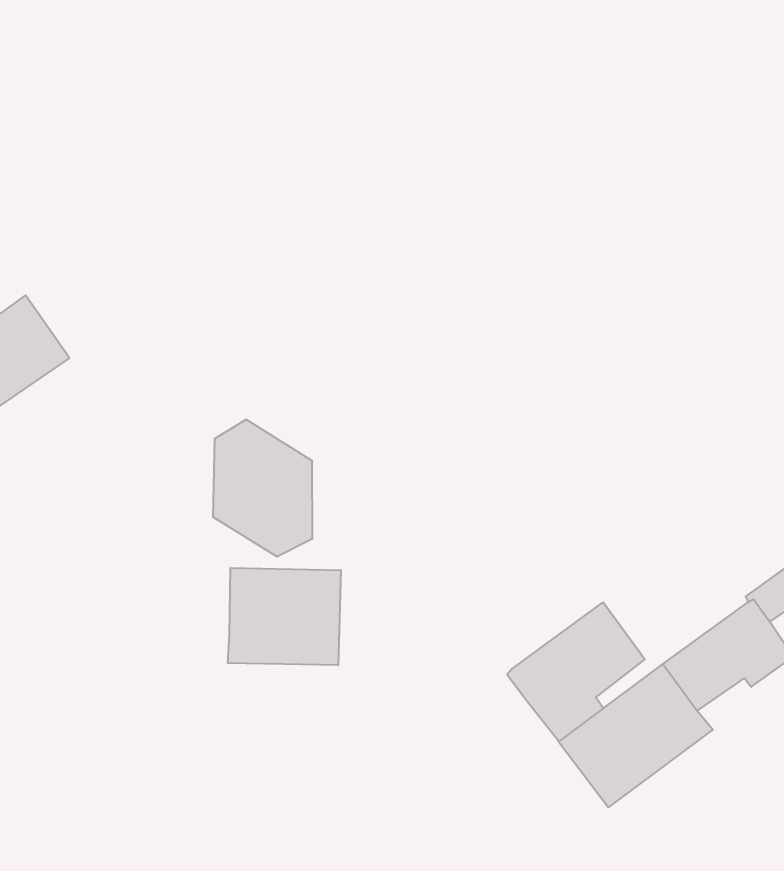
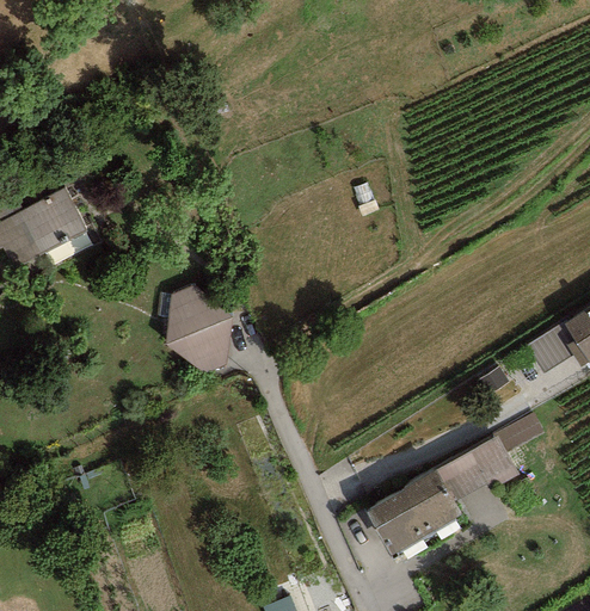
building: [228,568,341,665] -> none
building: [507,602,645,741] -> none

